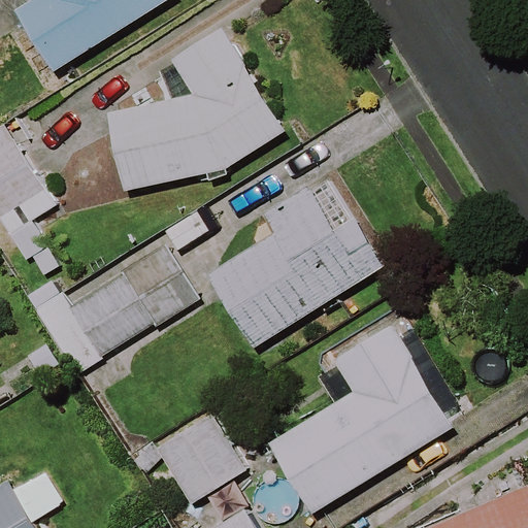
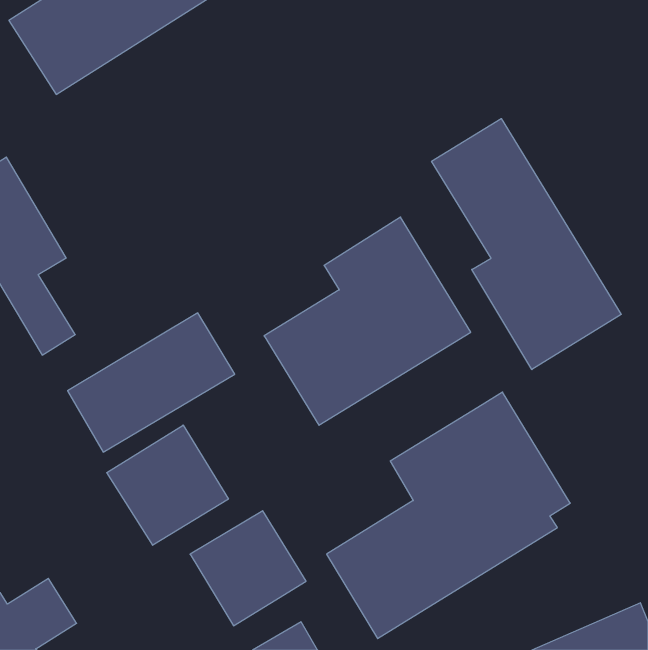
building: [100,20,286,193] -> none
building: none -> [432,119,621,370]
building: none -> [107,425,228,545]

